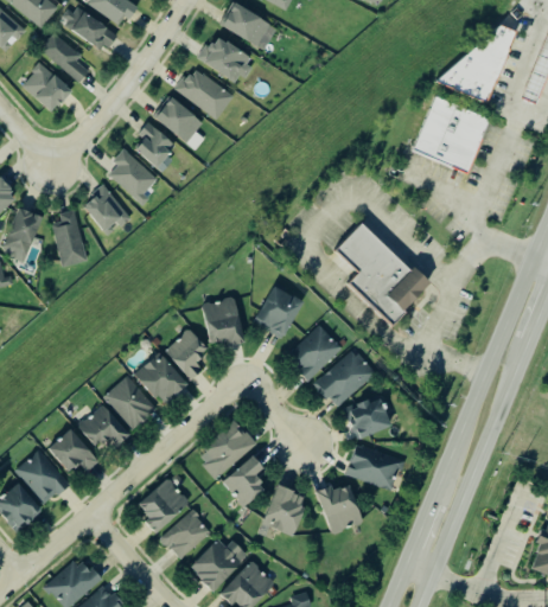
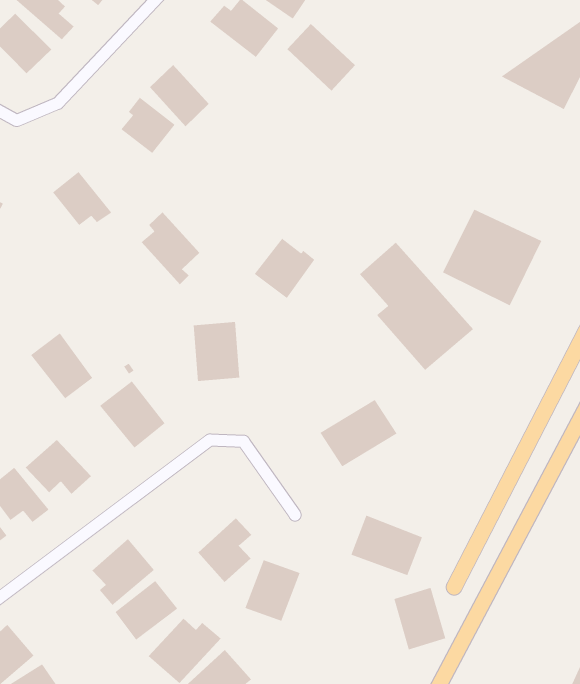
building: [177,66,234,120] -> [286,23,356,91]
building: [413,98,491,174] -> [442,209,542,306]
building: [108,148,157,206] -> [141,211,200,285]
building: [51,209,88,267] -> none
building: [253,287,301,336] -> [254,238,315,299]
building: [286,325,342,379] -> none
building: [165,328,210,379] -> none
building: [104,375,157,428] -> [30,332,93,399]
building: [350,398,391,437] -> none
building: [196,421,256,478] -> none
building: [317,481,362,533] -> [393,587,446,650]

